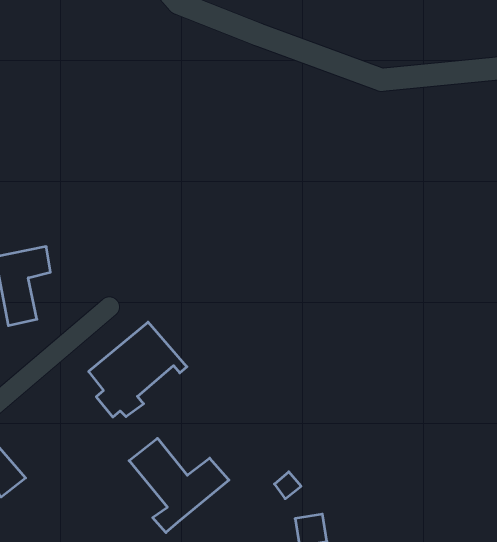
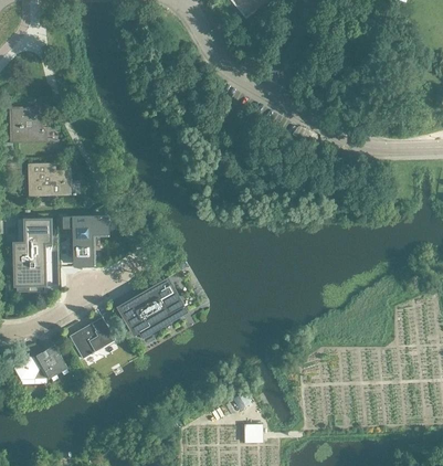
building: none -> [68,315,115,359]
building: [129,438,229,533] -> none

